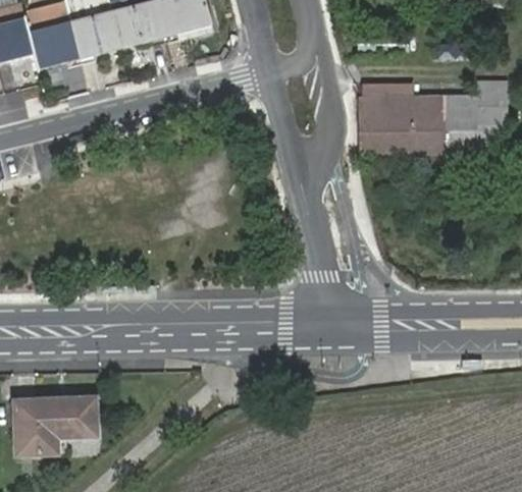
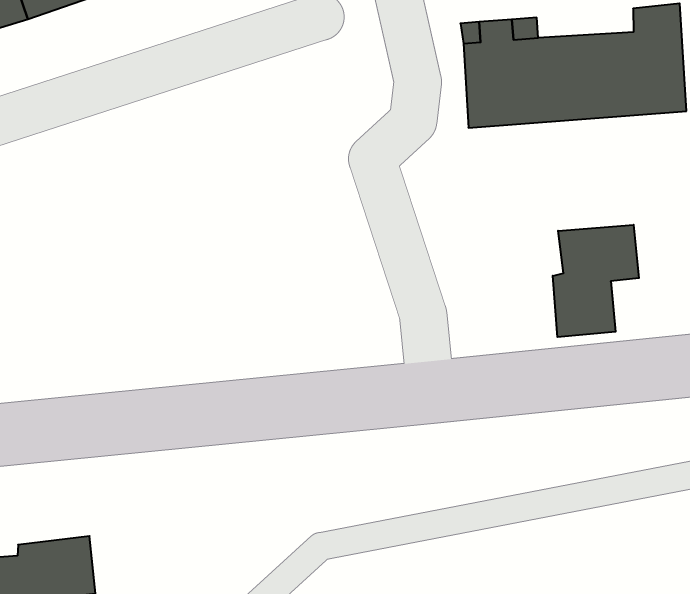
building: none -> [553,225,639,337]

